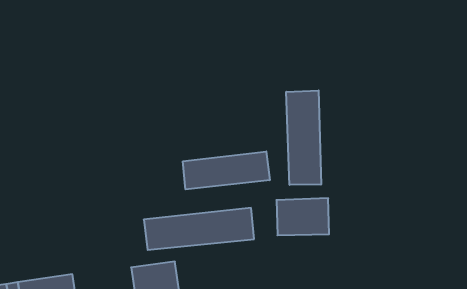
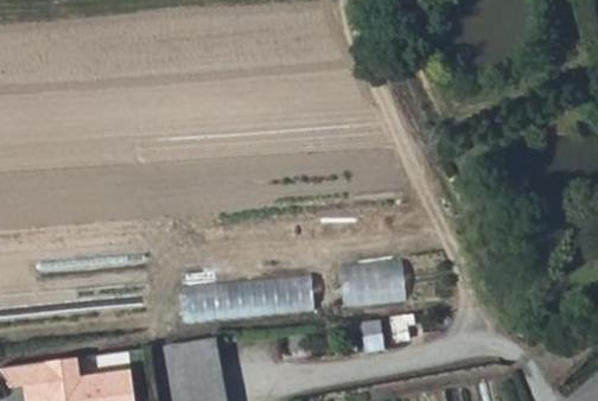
building: [286,90,321,185] -> none
building: [183,151,270,189] -> none

